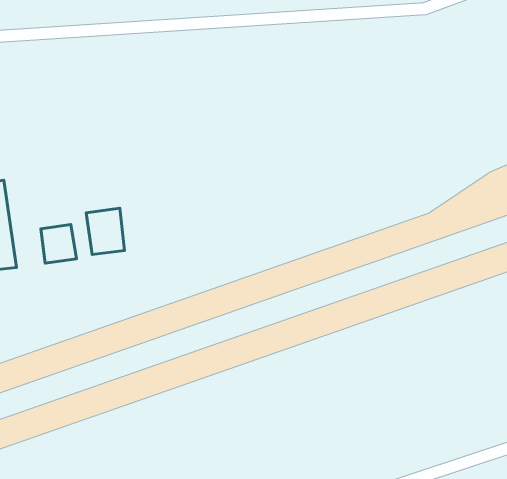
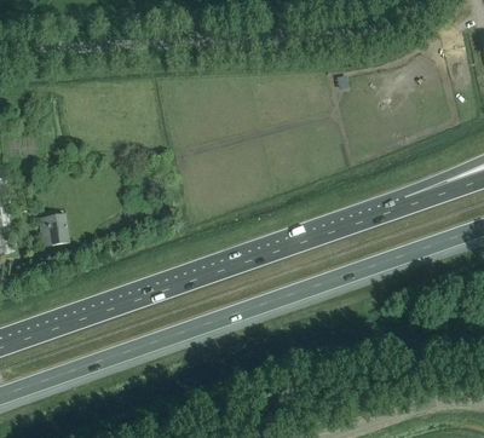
building: [86,208,124,255] -> none

